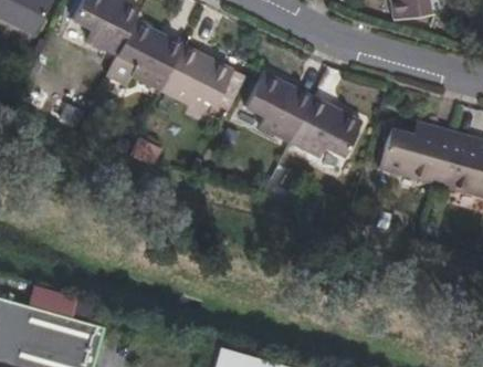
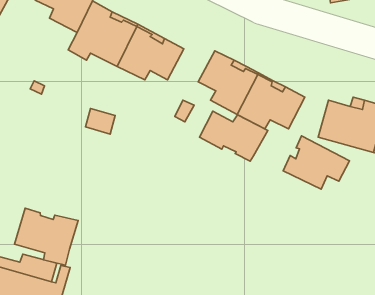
building: none -> [199,111,268,161]
building: none -> [283,136,350,189]
building: none -> [14,208,78,265]

